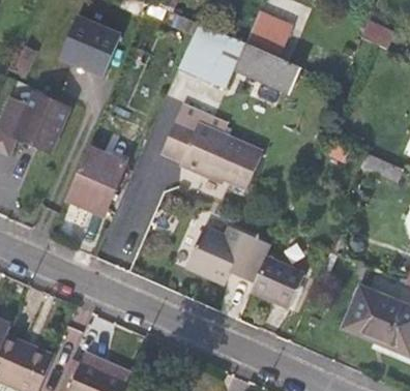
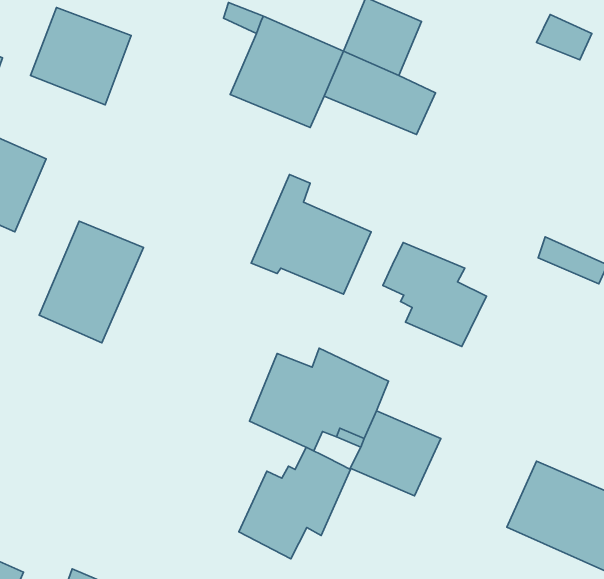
building: [162,103,213,170] -> none
building: none -> [383,243,487,346]
building: none -> [239,447,351,559]

